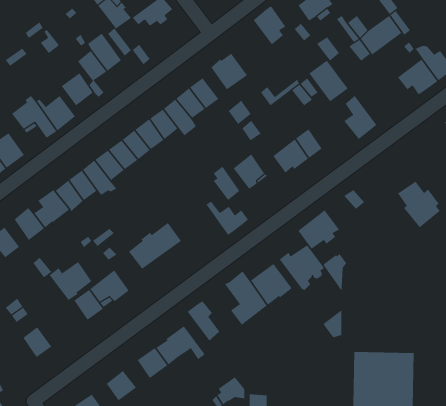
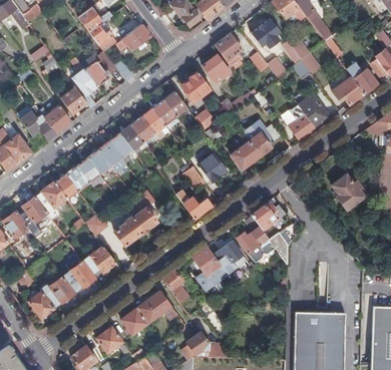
building: none -> [203,55,230,83]
building: [309,60,348,102] -> [298,95,330,129]
building: [49,261,92,301] -> [38,277,73,309]

